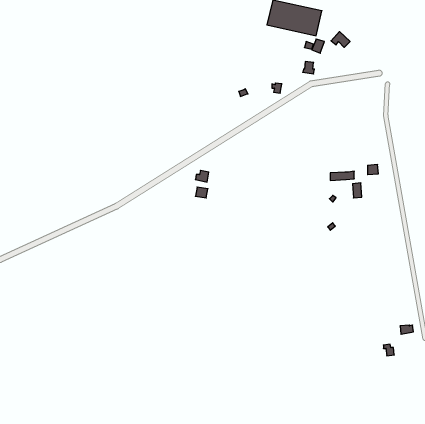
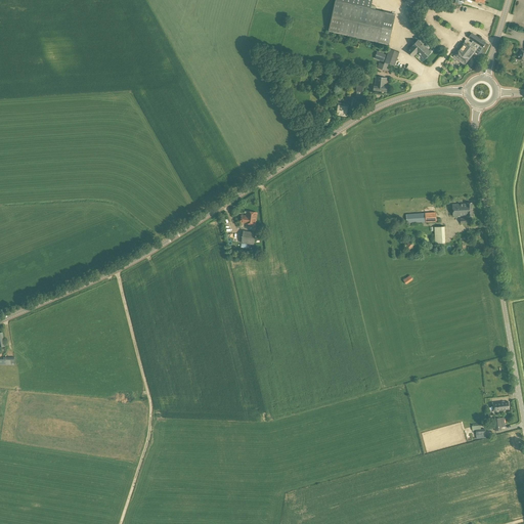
building: none -> [454,32,489,62]

